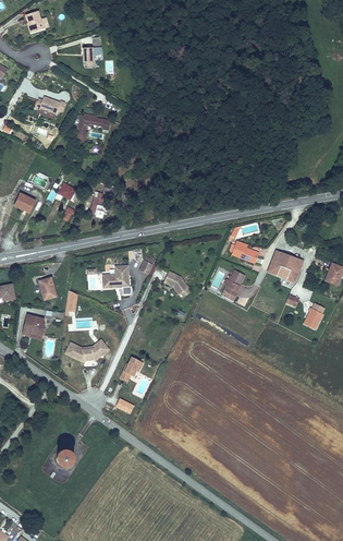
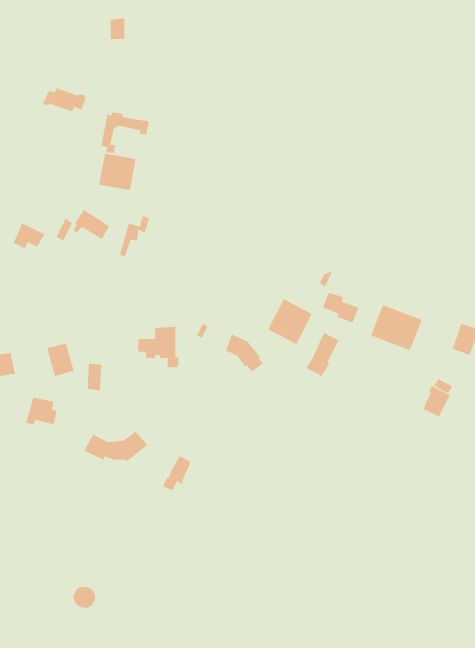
building: none -> [99,153,136,191]
building: none -> [268,299,312,345]

